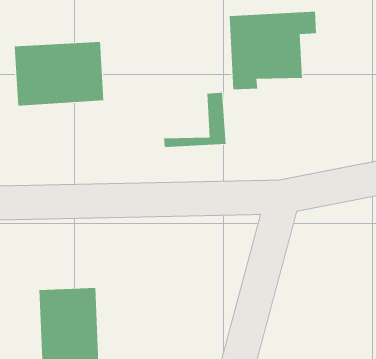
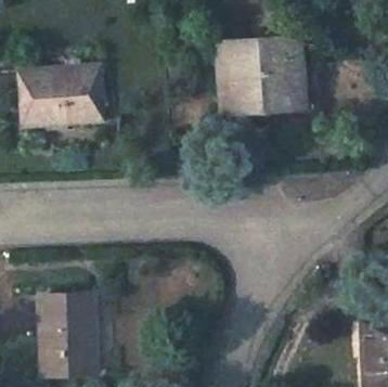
building: [163,92,227,148] -> [241,59,299,109]

